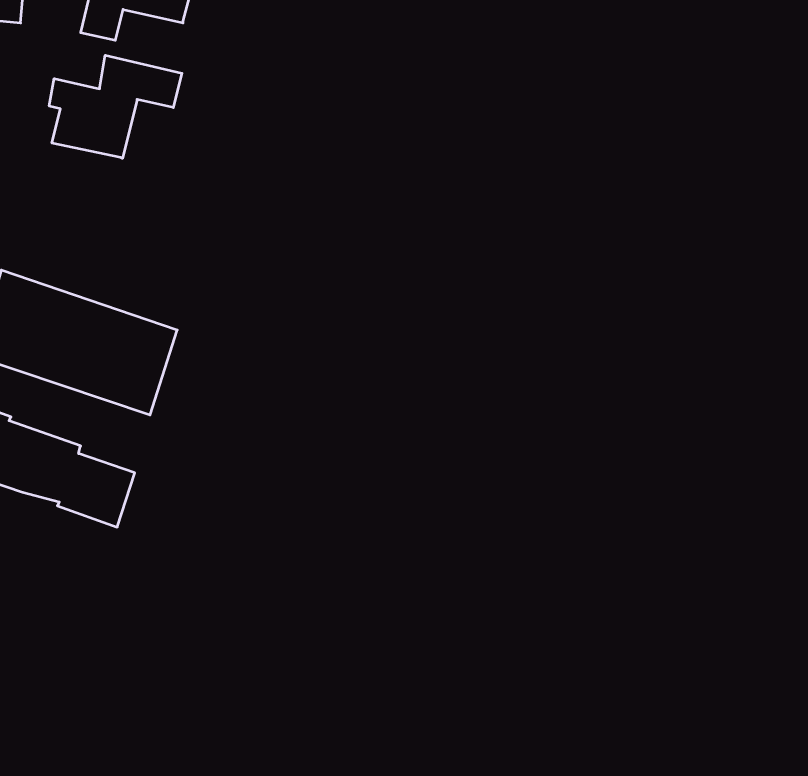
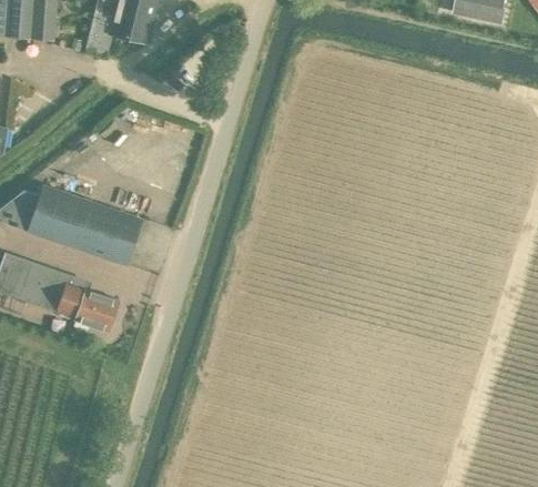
building: [49,55,182,158] -> none

